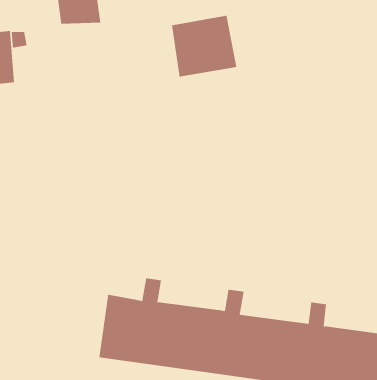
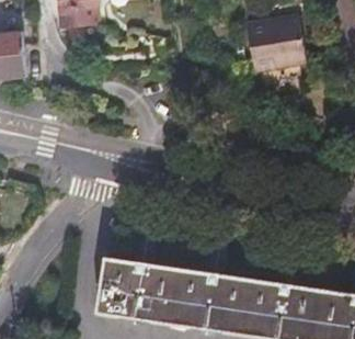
building: [171,15,237,77] -> [249,18,306,71]

